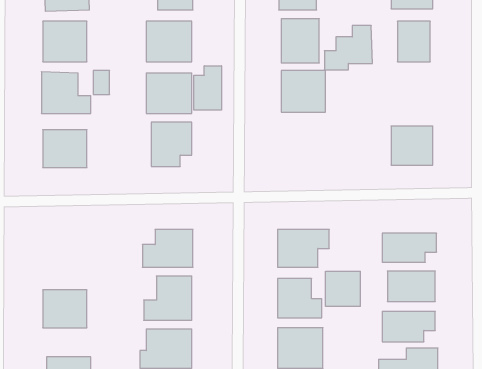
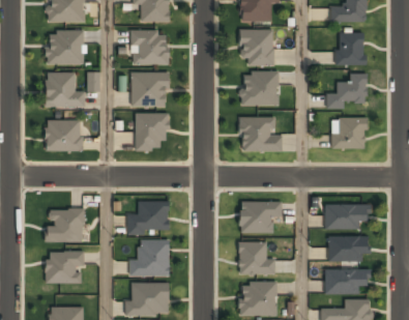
building: [324,26,372,70] -> [326,72,366,109]
building: [194,66,221,110] -> none
building: none -> [238,118,281,151]
building: none -> [46,209,83,241]
building: [326,271,360,306] -> none

